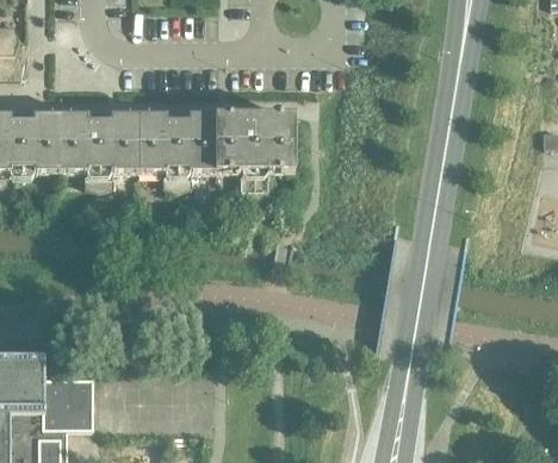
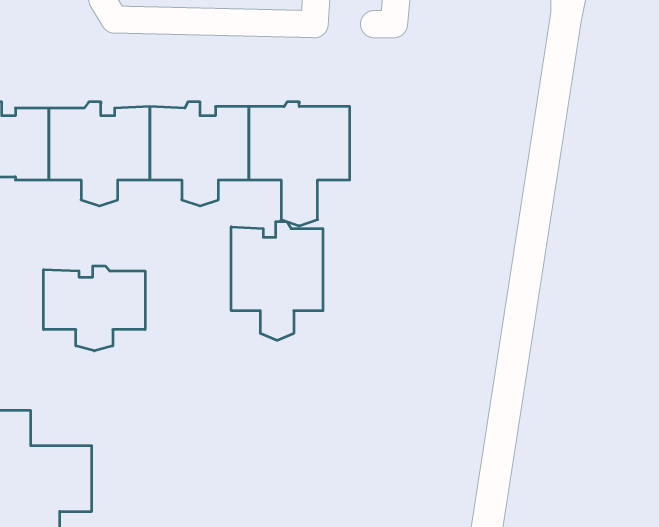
building: none -> [231,222,323,340]
building: none -> [44,266,145,351]

